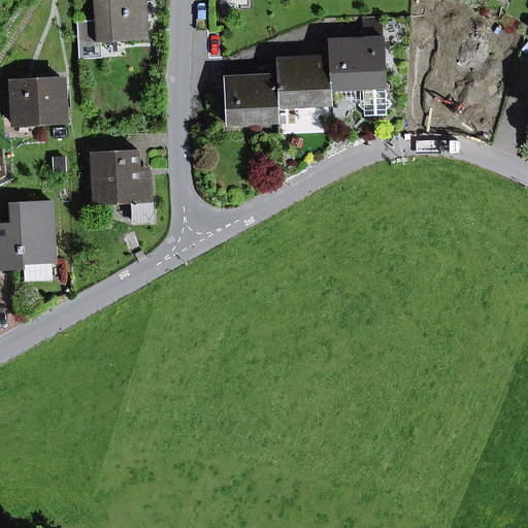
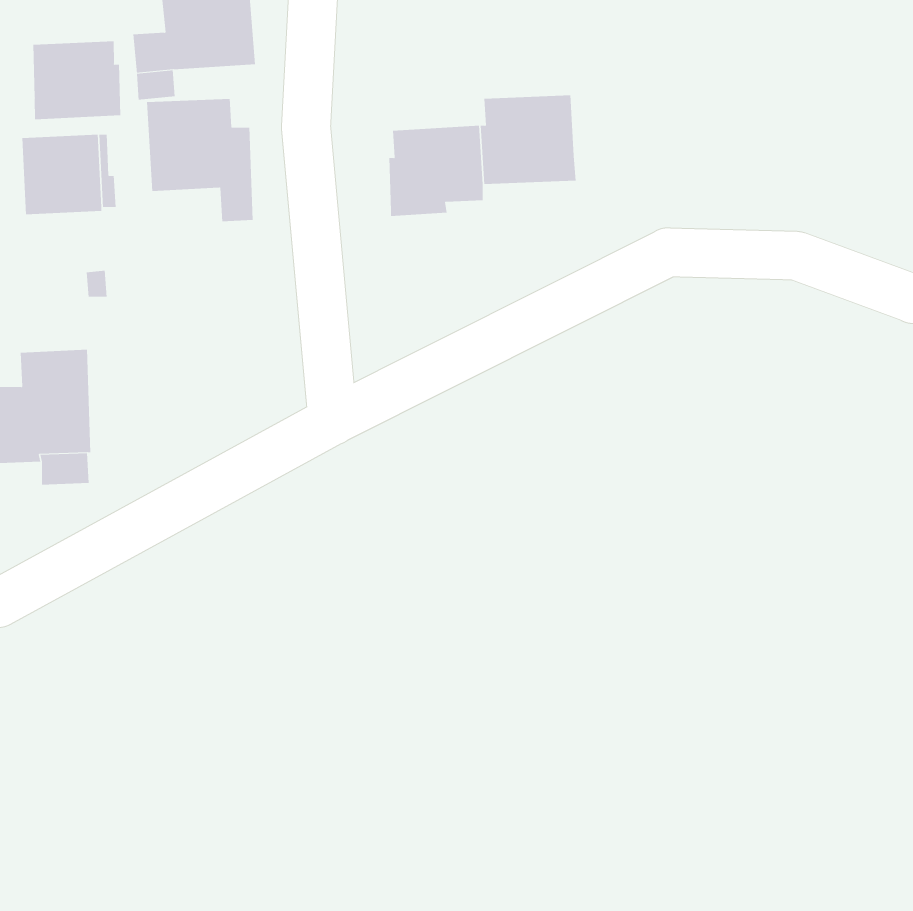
building: [329,18,391,114] -> none
building: none -> [33,40,121,120]
building: [90,150,152,221] -> [146,98,254,222]

